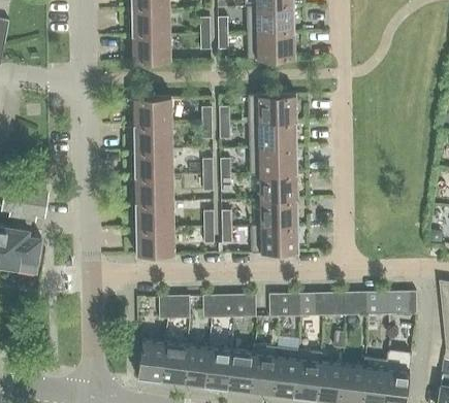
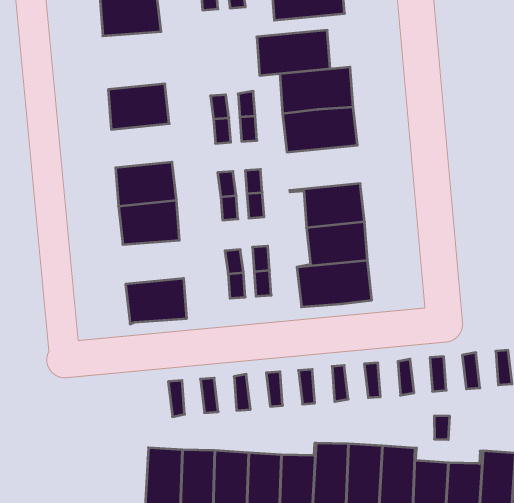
building: [133,125,172,152] -> none
building: [250,148,297,175] -> [257,30,330,75]
building: [135,203,174,230] -> none

